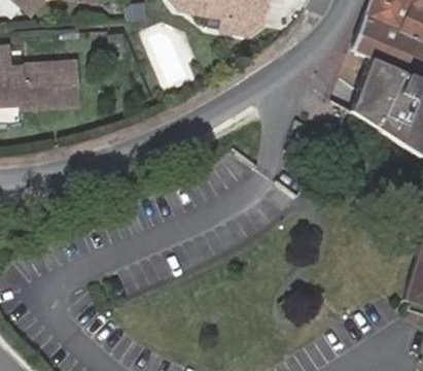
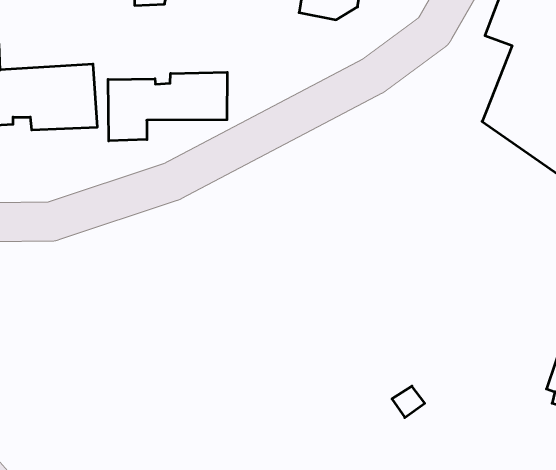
building: none -> [108,72,227,141]

